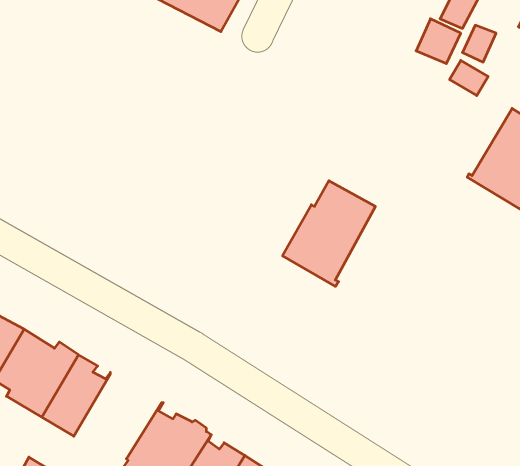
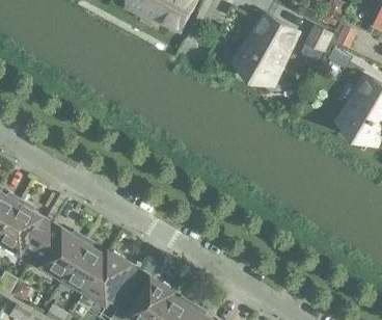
building: [283,181,375,286] -> [235,15,295,83]
building: none -> [83,250,140,305]

